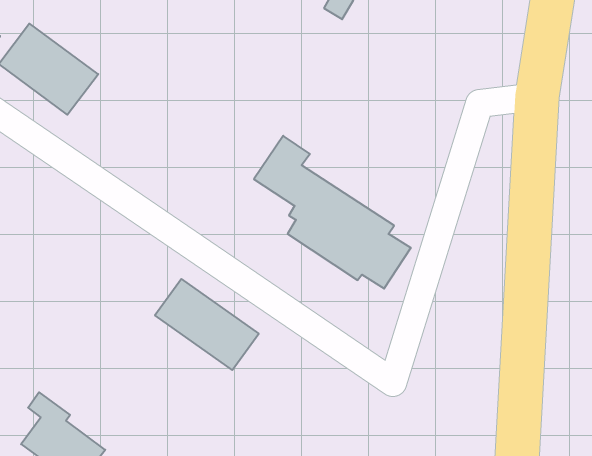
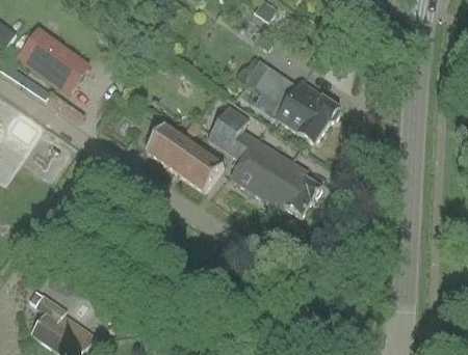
building: none -> [241,59,337,139]
building: [155,279,259,370] -> [145,124,222,191]

